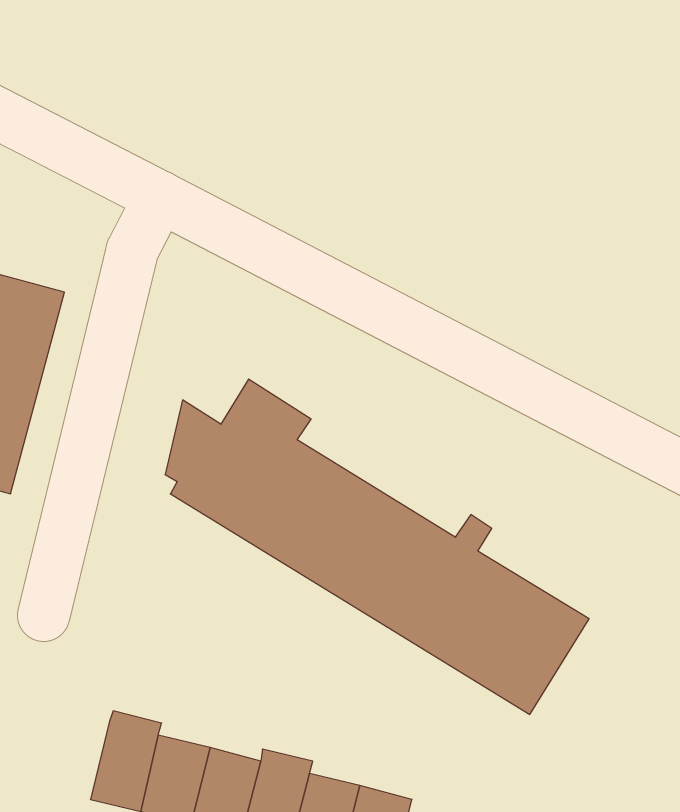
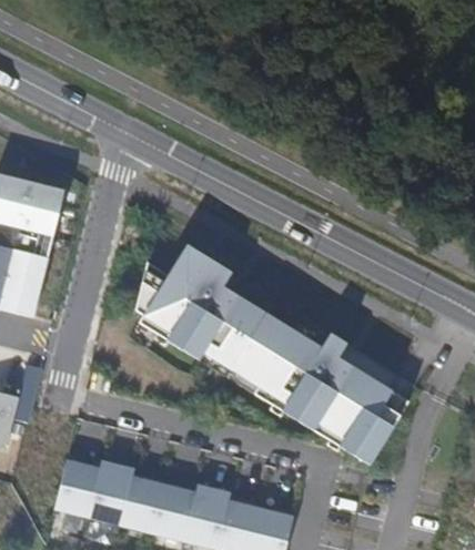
building: none -> [51,457,97,515]

